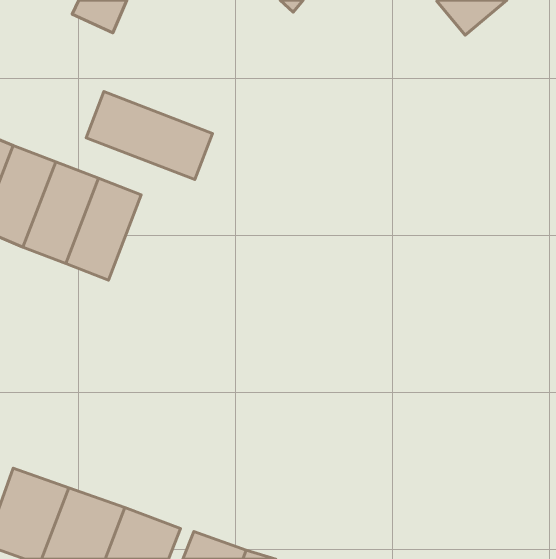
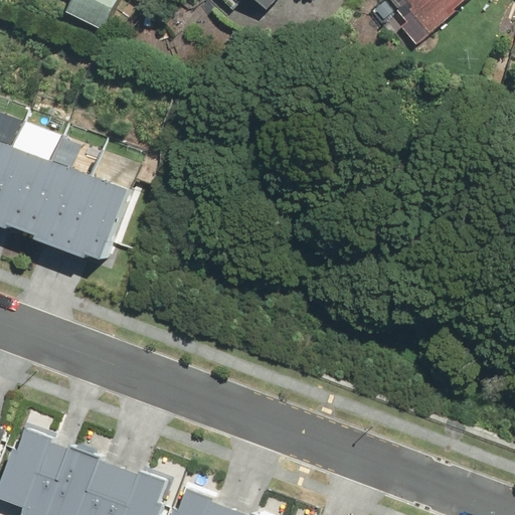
building: [86,92,213,180] -> none

